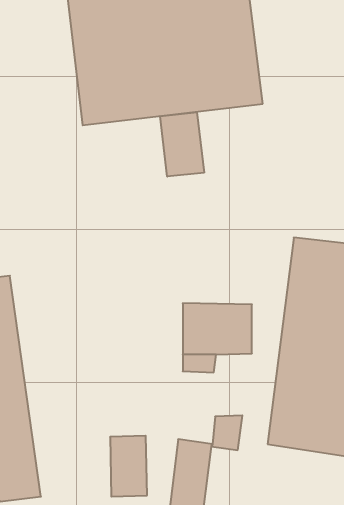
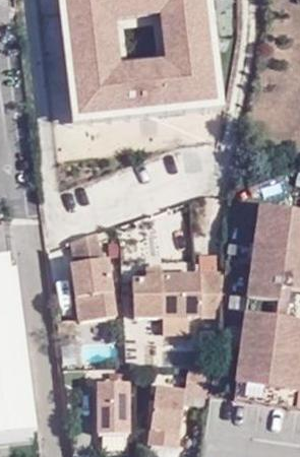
building: [160,112,204,177] -> none
building: none -> [70,233,114,320]
building: none -> [135,270,159,314]

